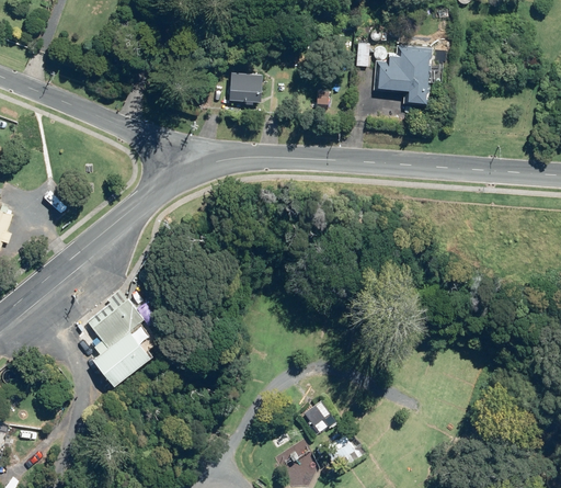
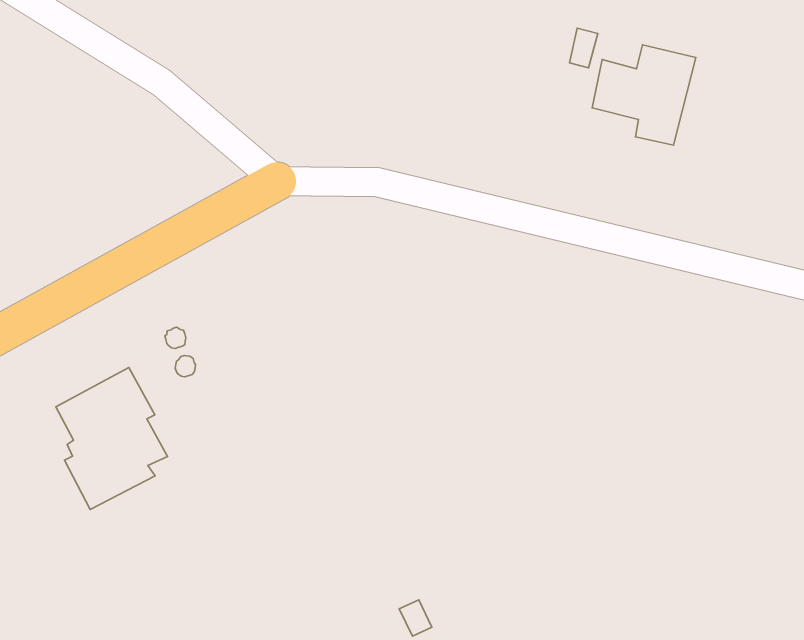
building: [228,72,262,104] -> none

